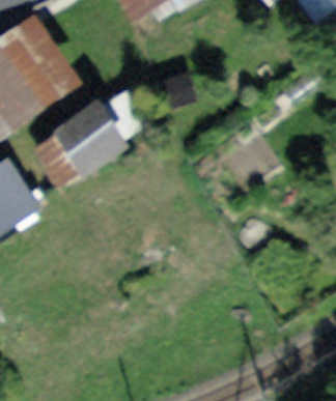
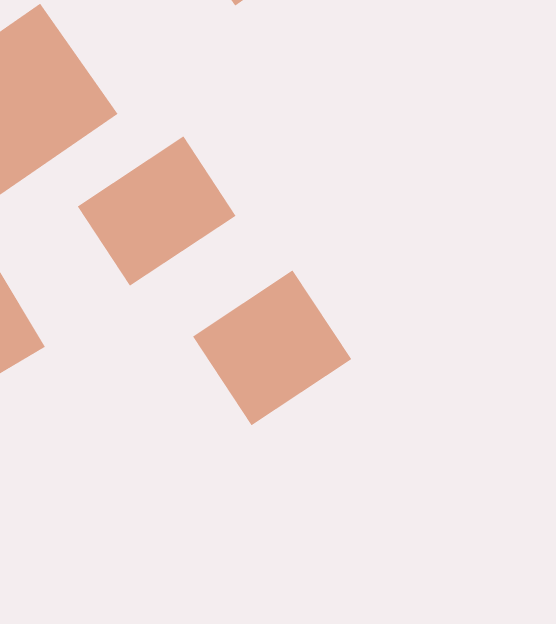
building: none -> [192,269,352,426]

